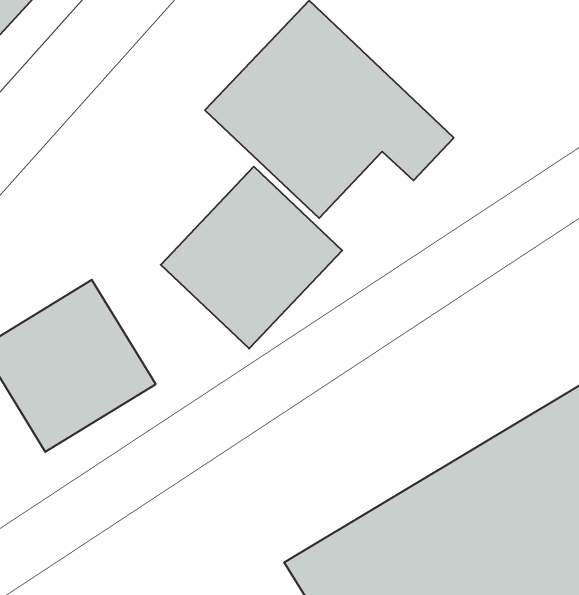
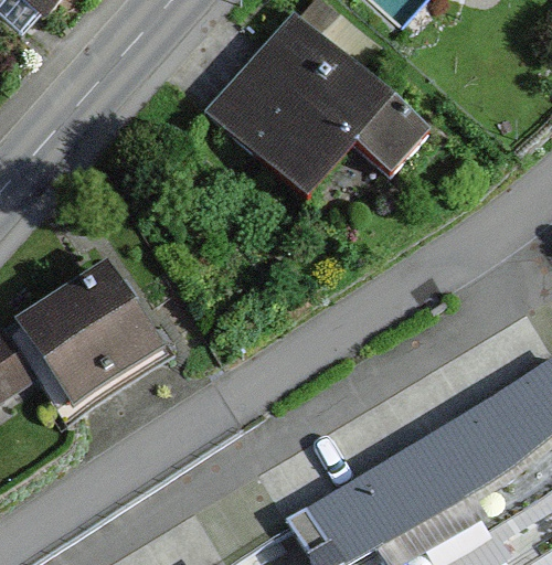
building: [161,167,342,349] -> none

